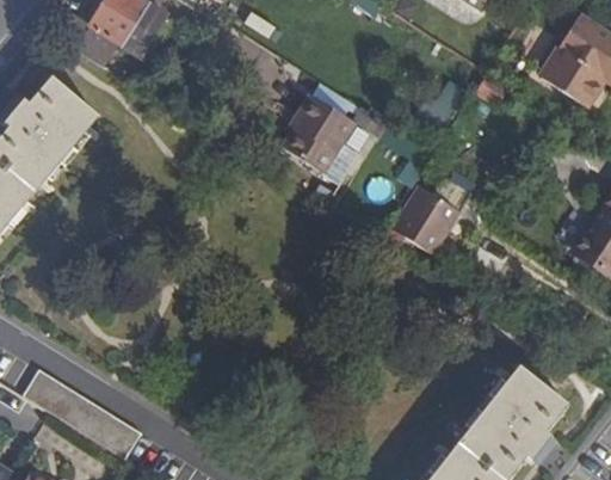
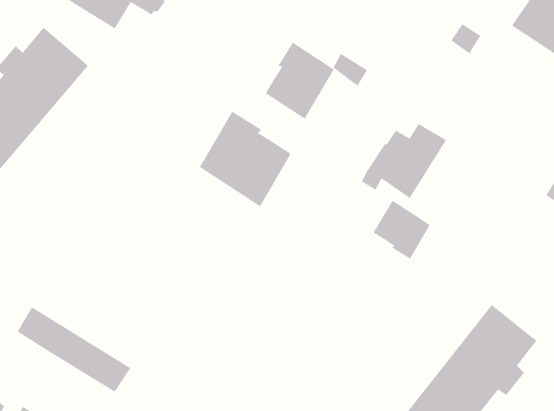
building: none -> [199,111,292,207]
building: none -> [373,200,431,260]

